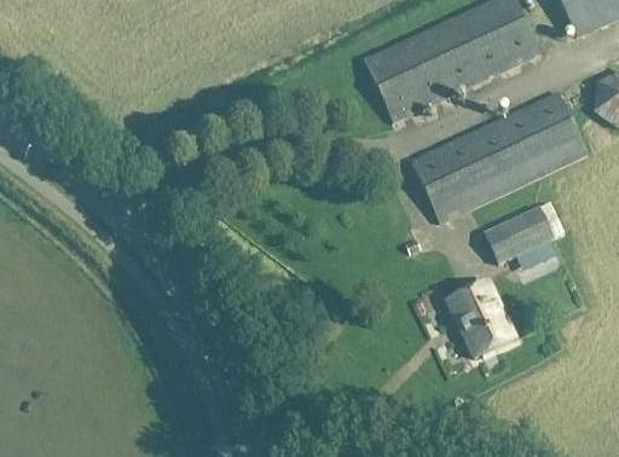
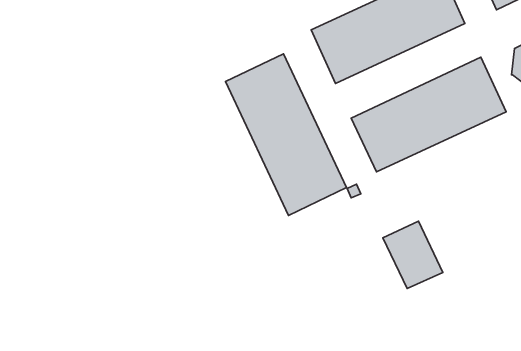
building: none -> [226,54,347,216]
building: [485,202,566,264] -> none

